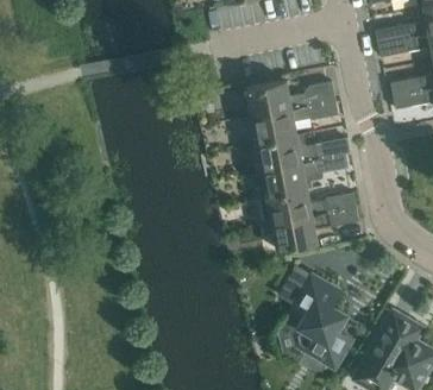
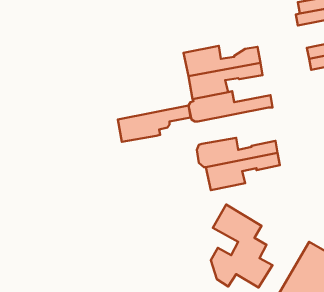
building: [263,153,349,196] -> [118,105,191,142]

